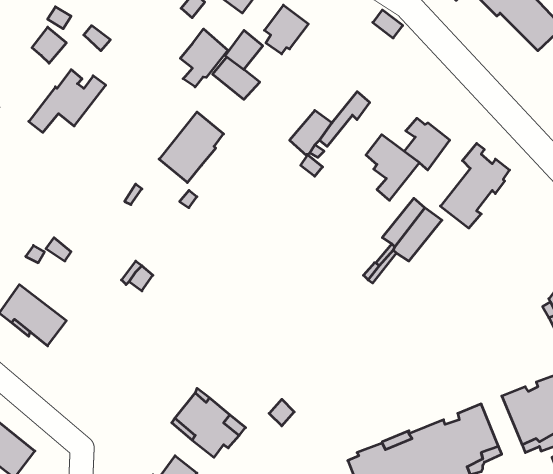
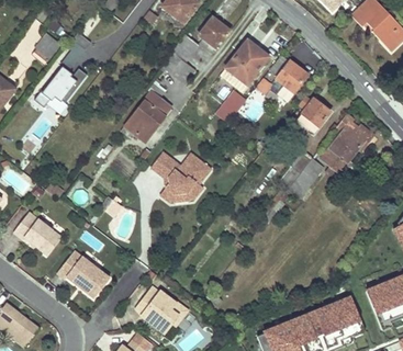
building: [180,29,228,87] -> none
building: none -> [226,41,268,84]
building: [366,135,419,200] -> [270,55,307,101]
building: none -> [149,151,211,202]
building: none -> [57,251,109,297]

